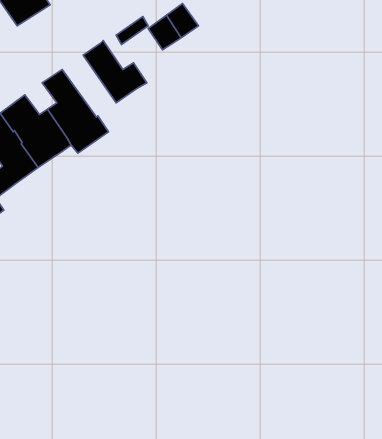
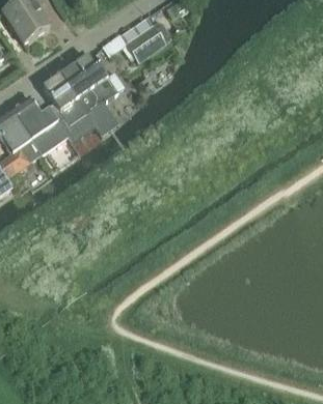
building: none -> [59,64,107,127]

